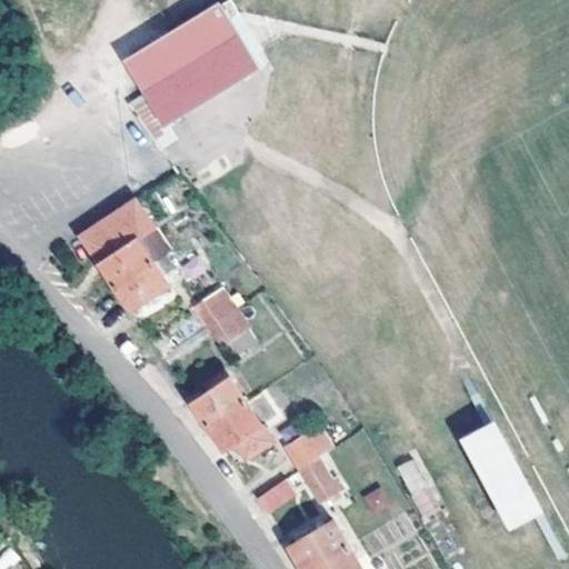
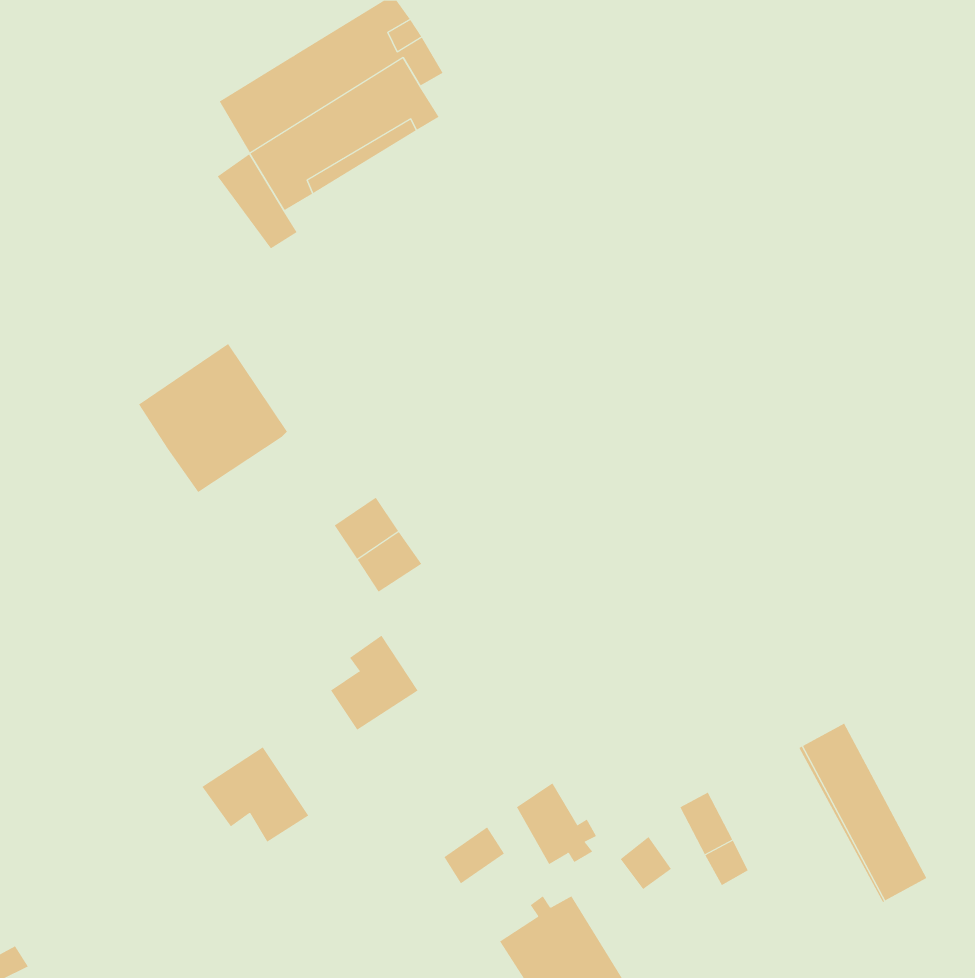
building: [114,254,172,310] -> none
building: [207,401,269,457] -> [202,746,309,842]
building: [286,427,330,469] -> none

